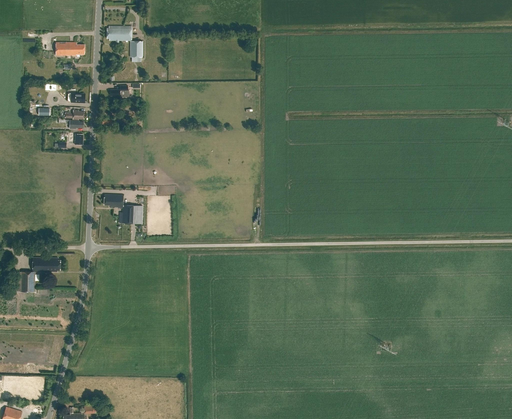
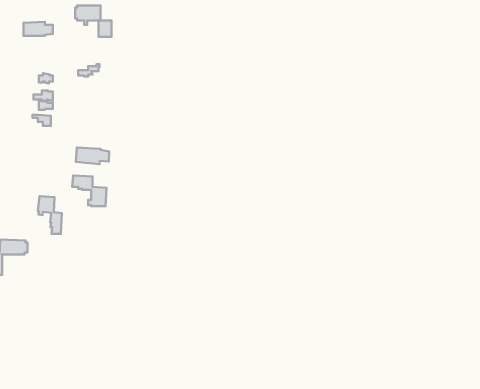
building: none -> [76,147,109,164]
building: none -> [38,196,62,234]

